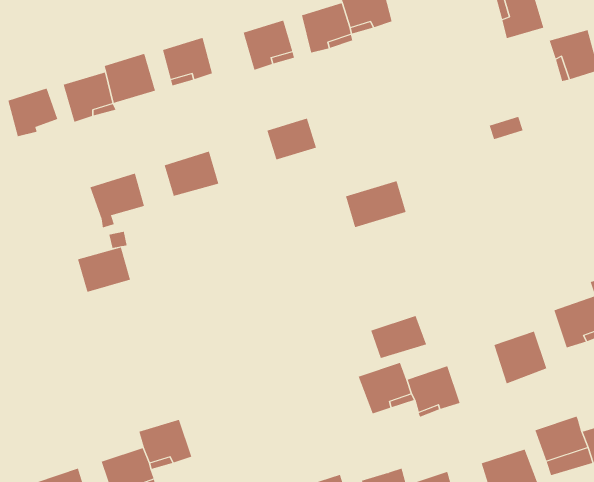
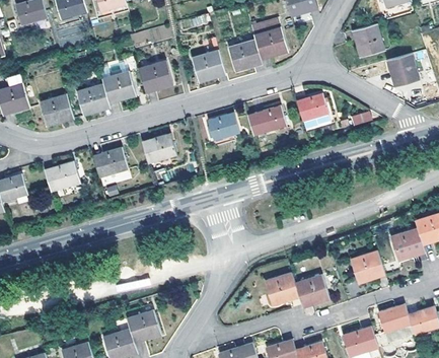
building: none -> [296,94,327,122]
building: [345,180,407,228] -> [246,105,286,136]
building: [77,247,131,292] -> [45,162,79,192]
building: [371,315,427,359] -> none

